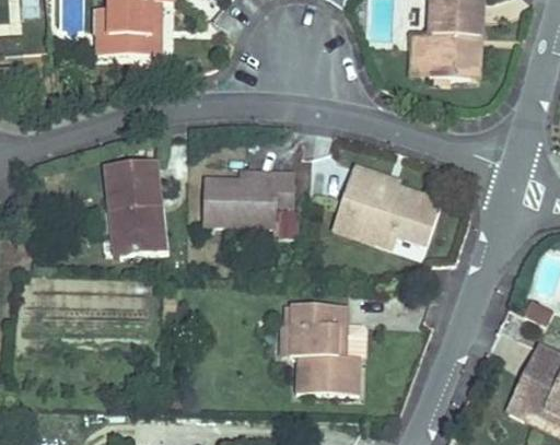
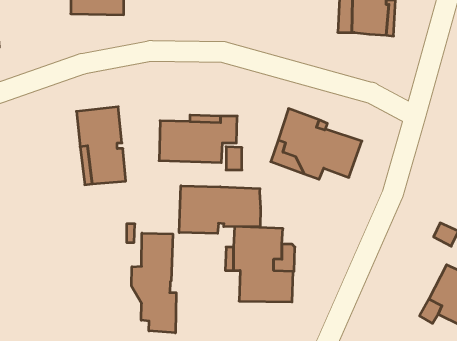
building: none -> [179,186,260,233]
building: none -> [132,233,176,333]

